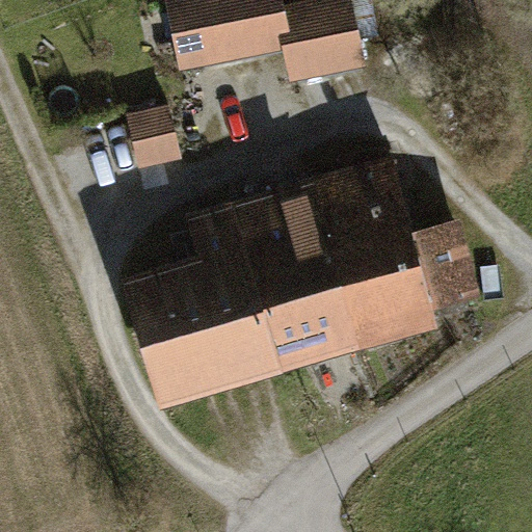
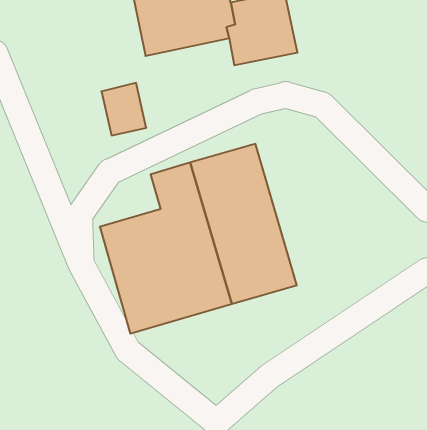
building: [314,154,482,350] -> none

